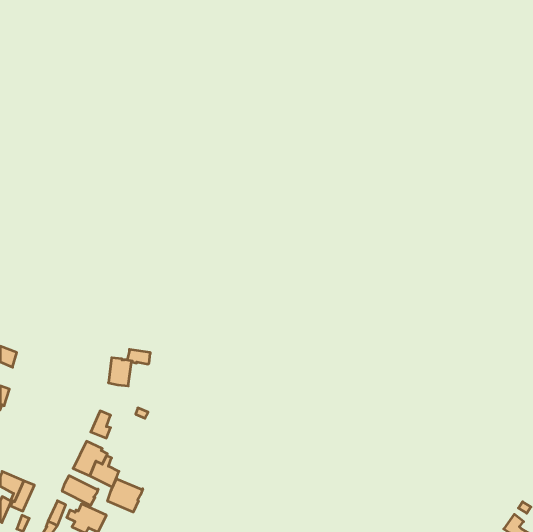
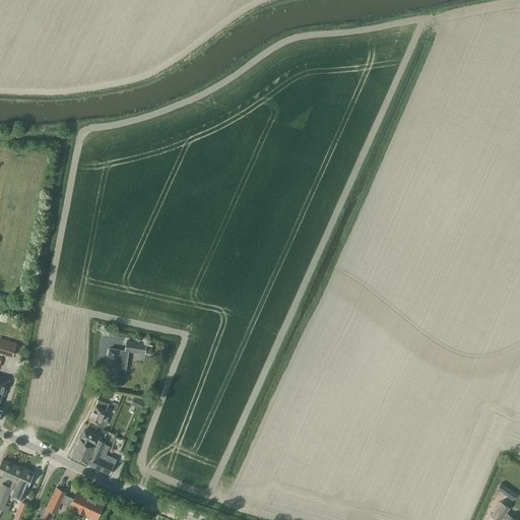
building: [62,476,98,505] -> none
building: [108,479,143,512] -> none

